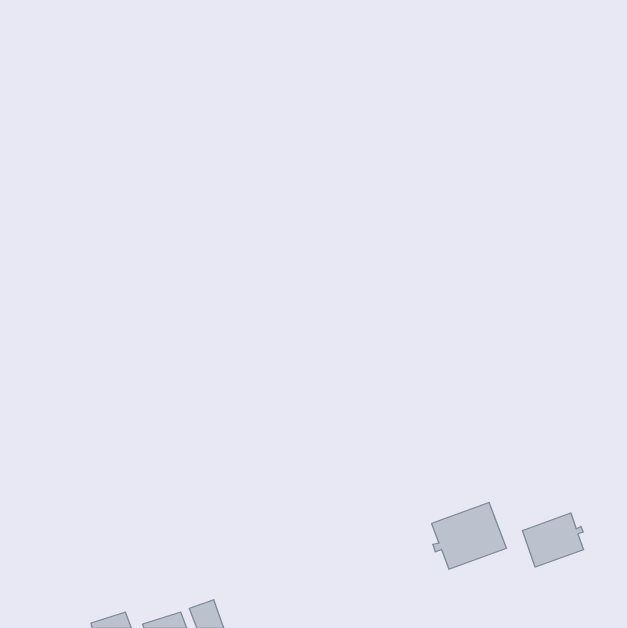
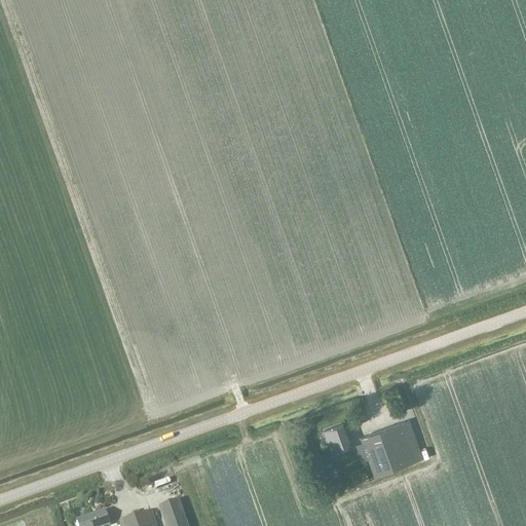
building: none -> [324,423,351,450]
building: [523,513,583,567] -> none

